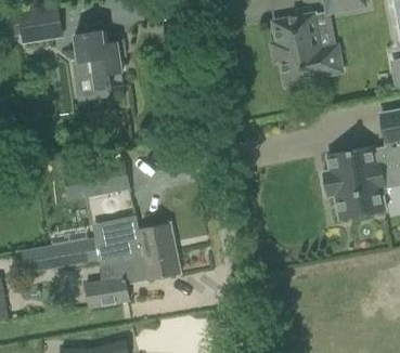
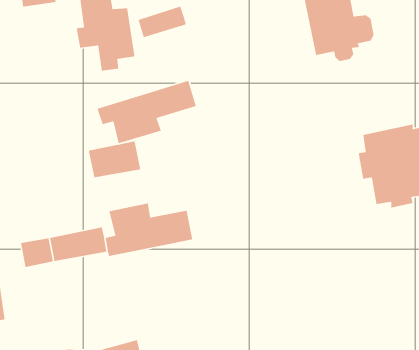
building: none -> [138,6,187,38]
building: none -> [97,80,197,144]
building: [83,249,180,310] -> none

